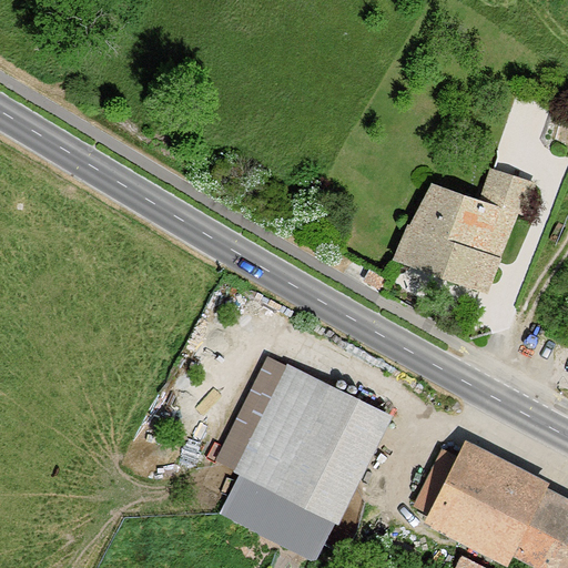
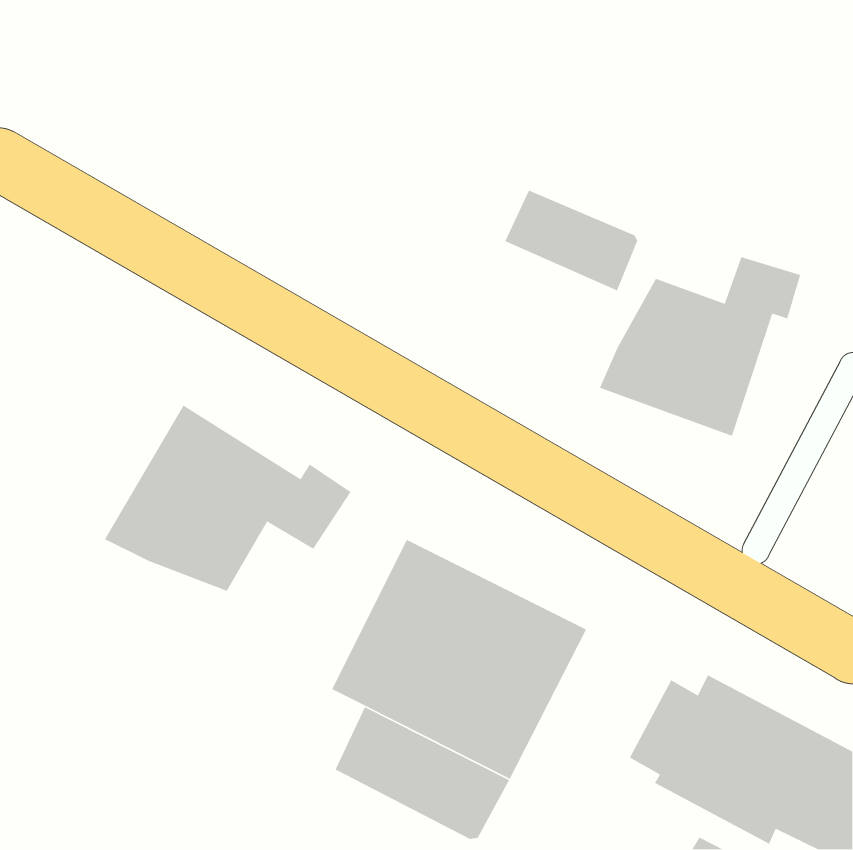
building: none -> [504,189,638,291]
building: none -> [104,404,351,592]

